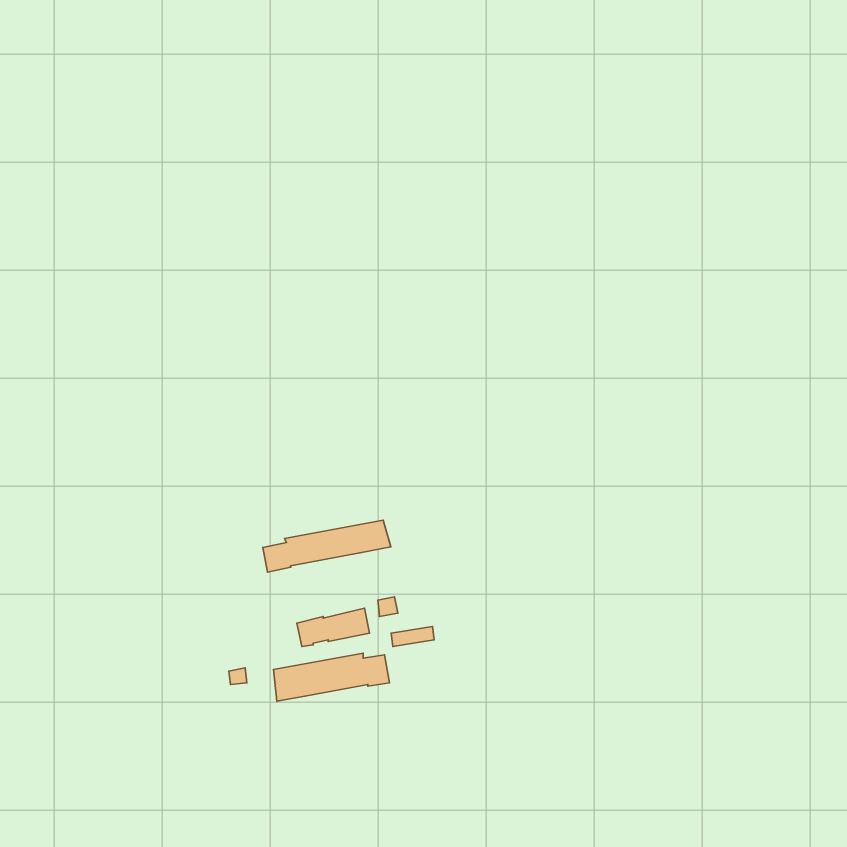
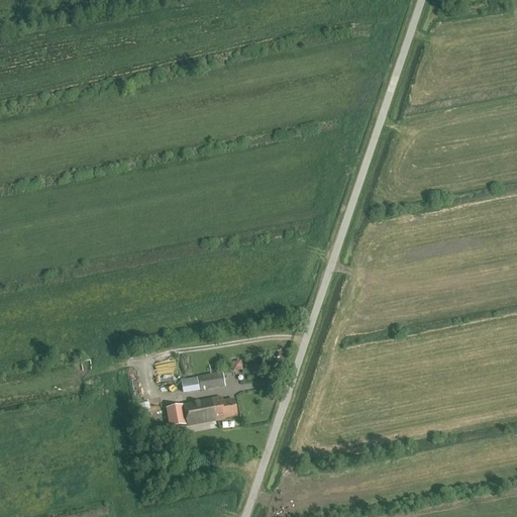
building: [263,520,391,572] -> none

